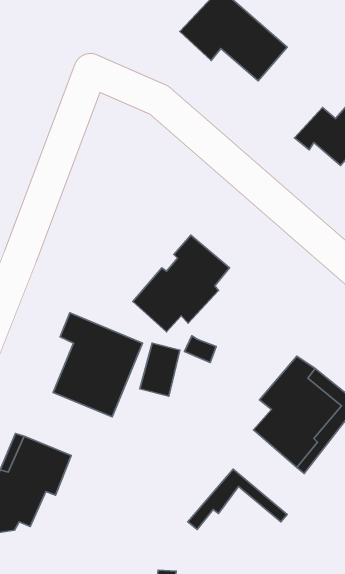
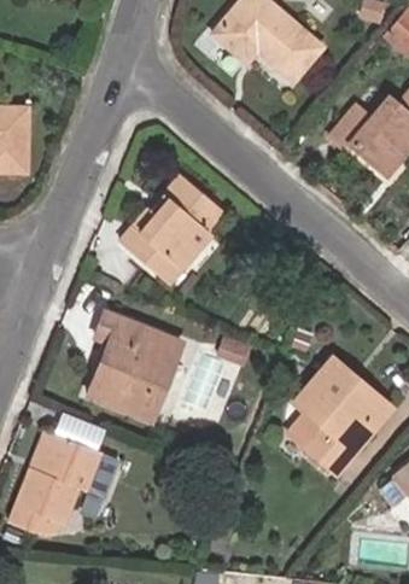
building: [133,235,229,332] -> [122,177,218,274]
building: [188,469,287,530] -> none

